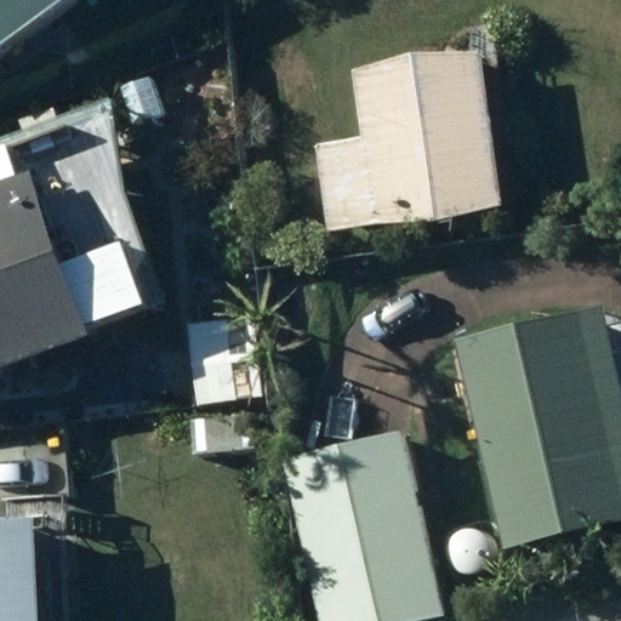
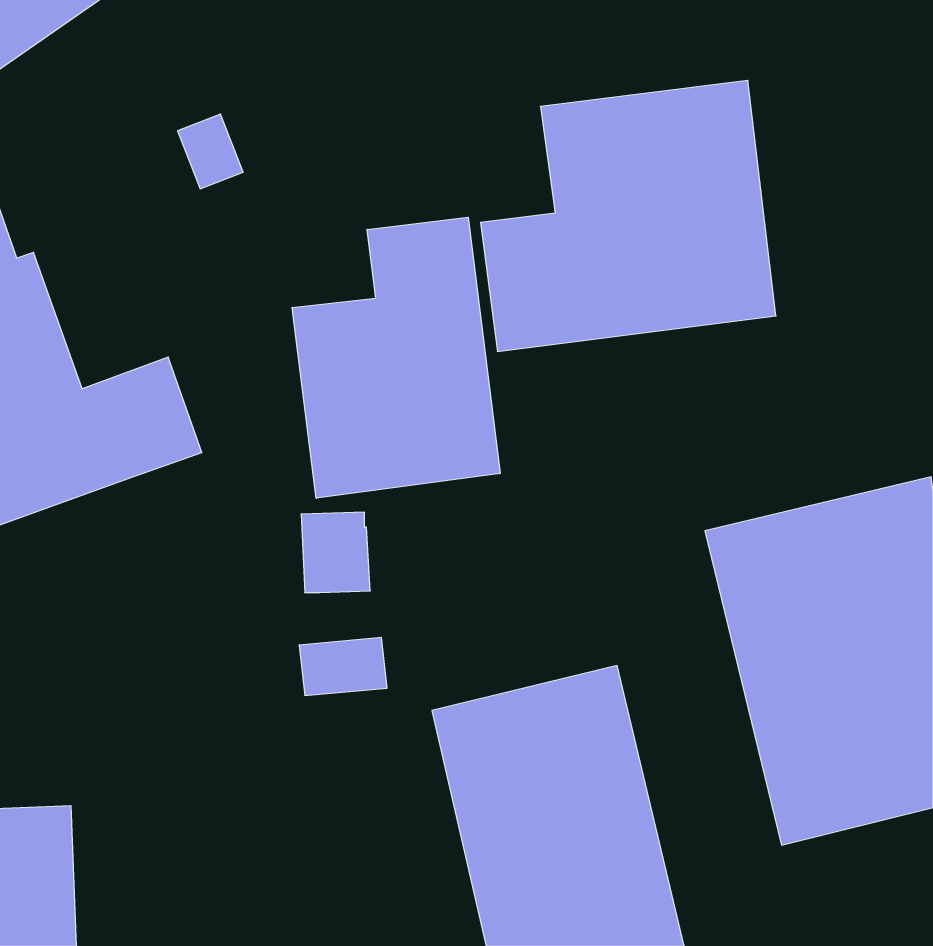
building: none -> [292,217,500,498]

